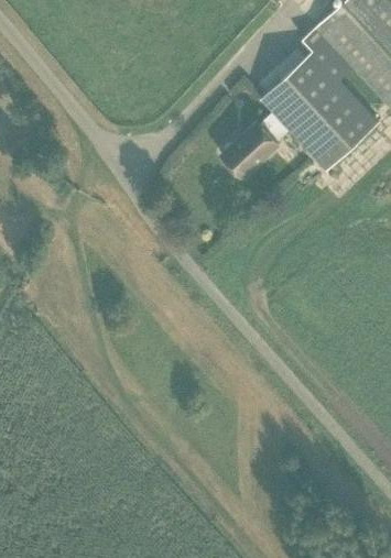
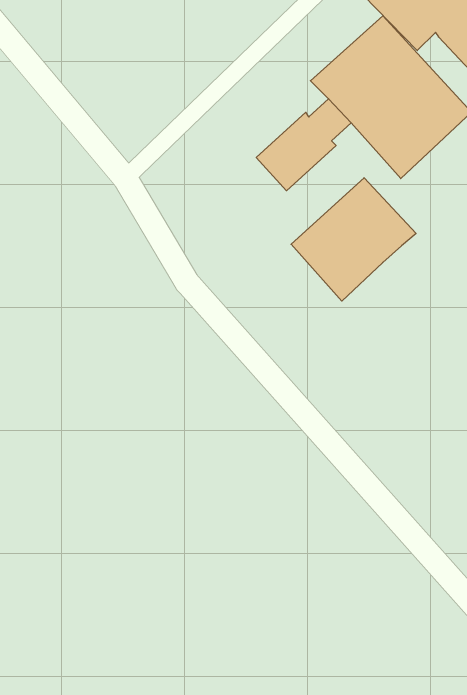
building: none -> [291,178,416,301]

